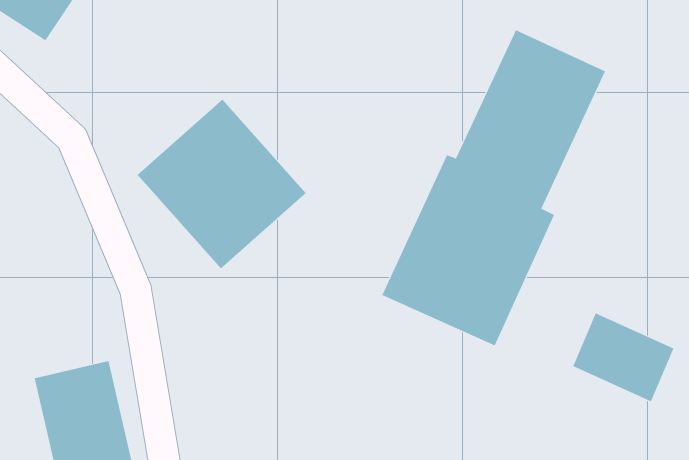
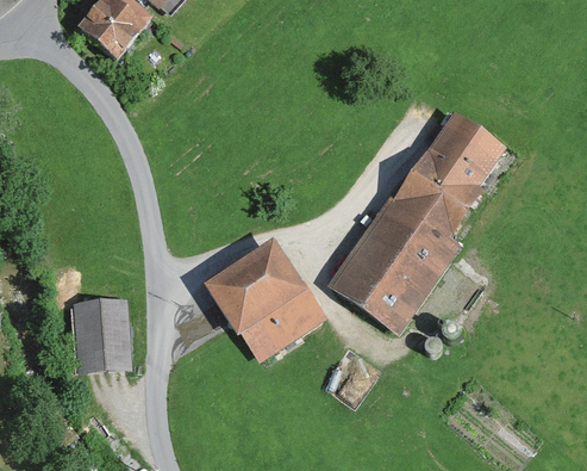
building: [137,99,307,269] -> [207,240,326,361]
building: [572,312,674,402] -> none

